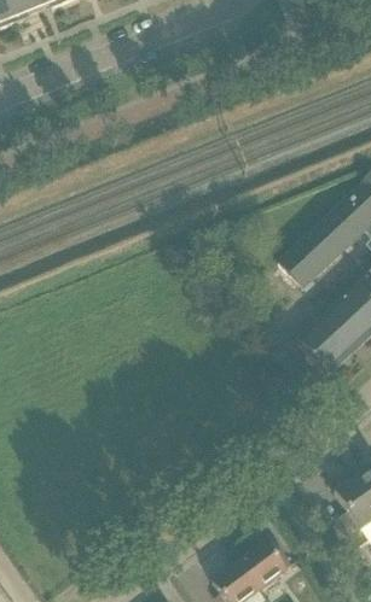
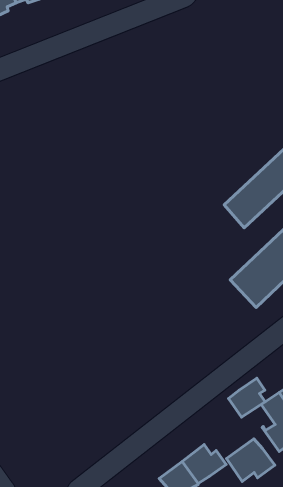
building: none -> [229,378,265,417]
building: none -> [227,439,275,481]

